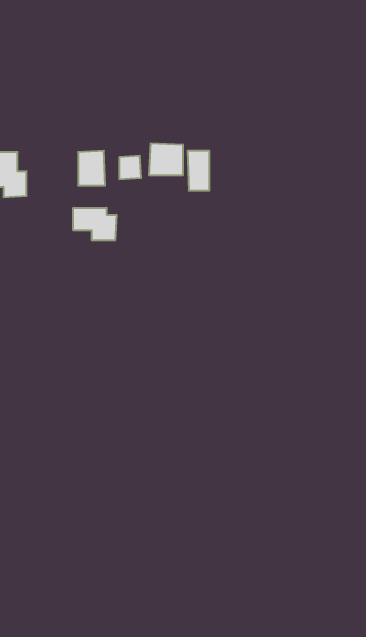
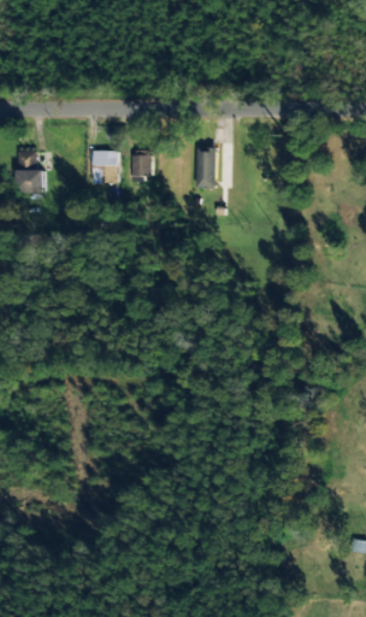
building: [149,143,183,175] -> none
building: [73,208,116,240] -> none

